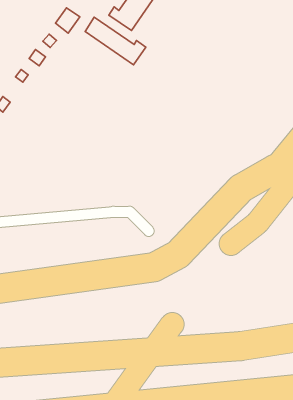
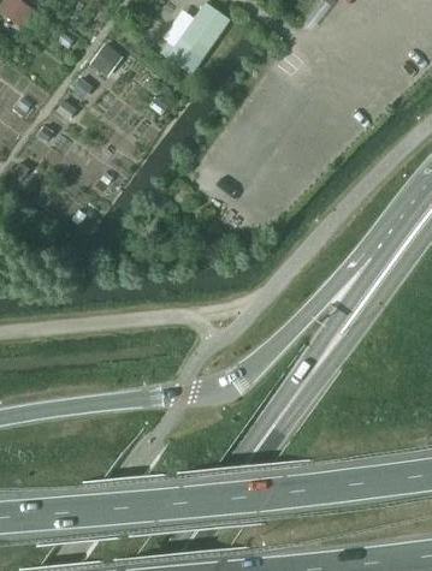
building: [85,17,146,65] -> none

